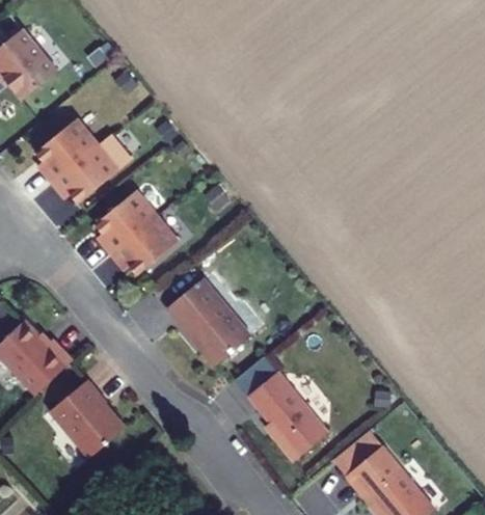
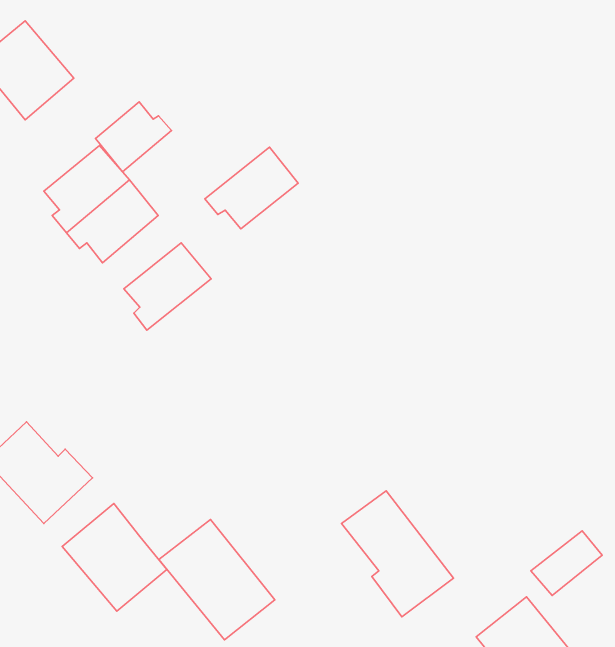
building: none -> [96,102,172,172]
building: [109,216,177,275] -> [205,147,298,229]
building: [162,277,246,364] -> [159,519,275,640]
building: [332,429,384,476] -> [531,531,602,595]

